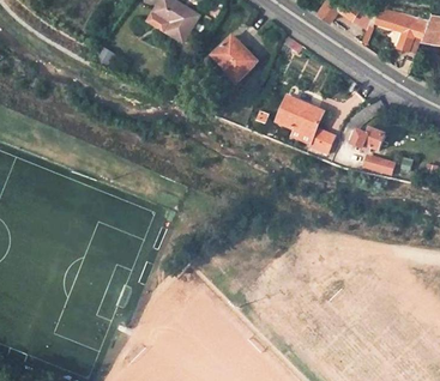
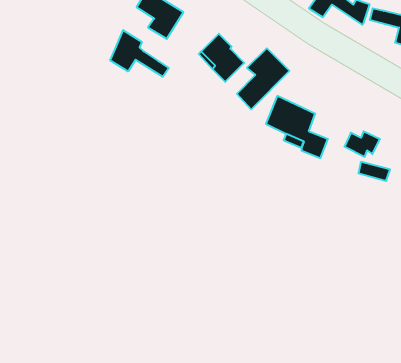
building: none -> [110,30,169,77]
building: none -> [237,48,289,109]

